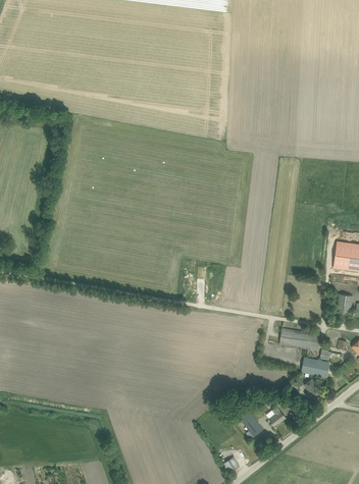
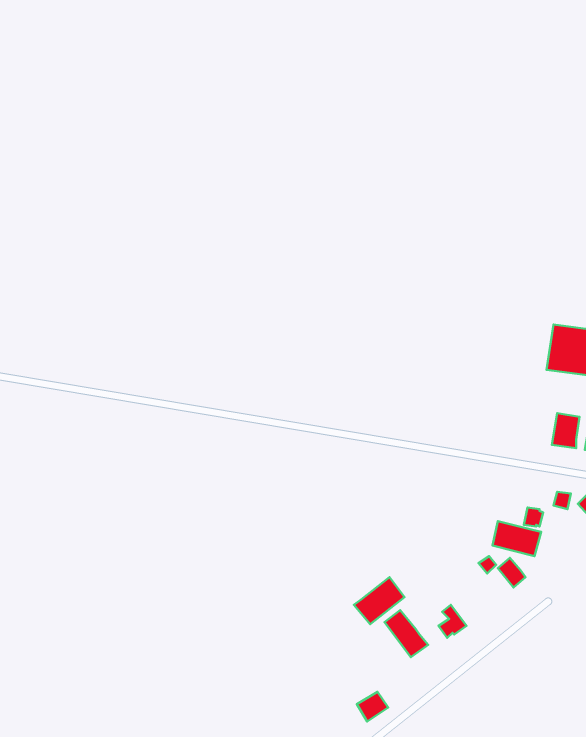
building: [279,328,320,349] -> none
building: none -> [354,577,404,624]

